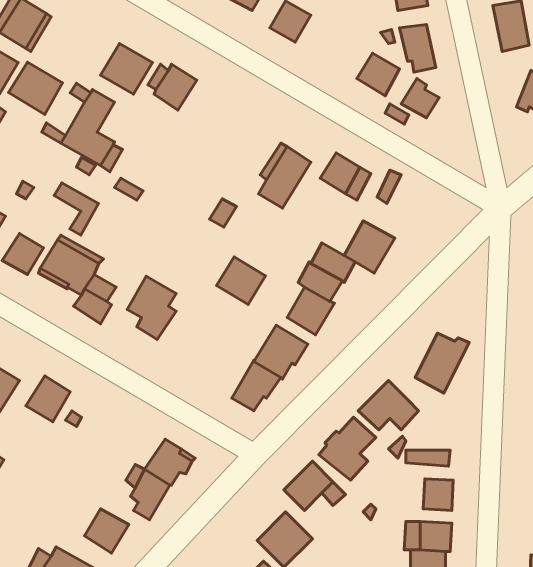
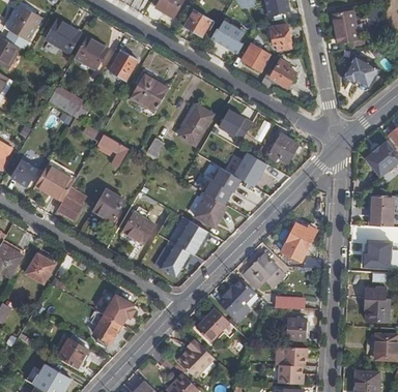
building: none -> [210,19,244,53]
building: [9,62,62,115] -> [46,19,81,53]
building: none -> [131,74,168,109]
building: [54,183,98,235] -> [98,134,127,169]
building: none -> [259,135,302,162]
building: [217,257,266,304] -> [122,212,154,243]

